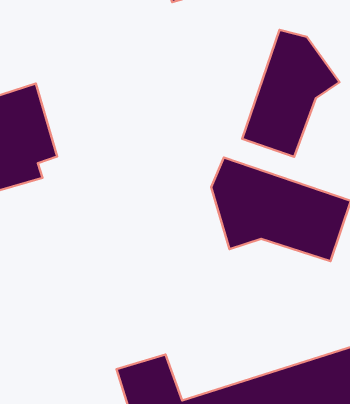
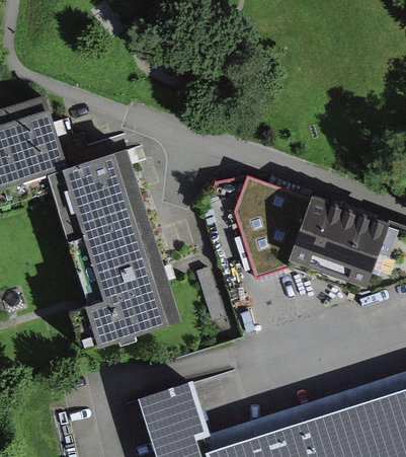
building: [242,30,340,157] -> none
building: none -> [50,157,171,348]

